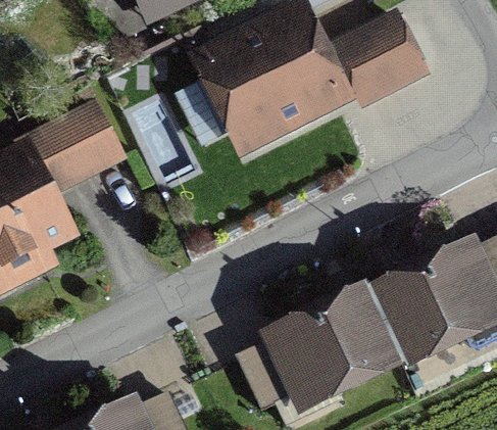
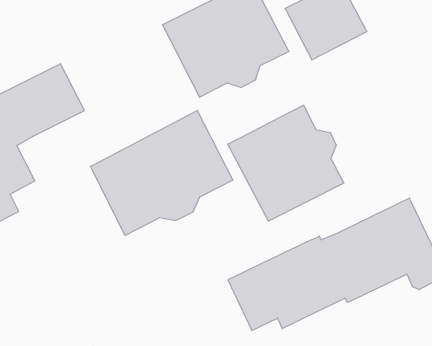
building: none -> [228,105,344,221]
building: none -> [90,110,233,236]

